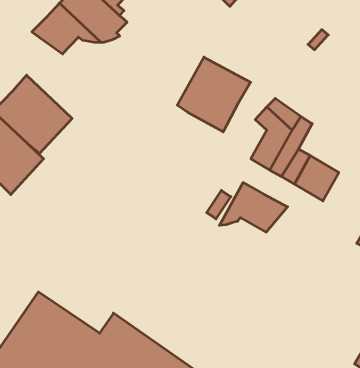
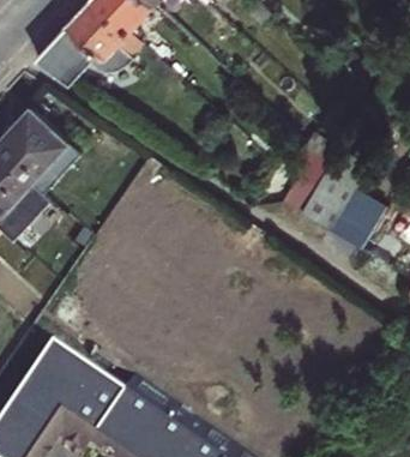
building: [177,57,251,132] -> none
building: [219,183,288,232] -> none

